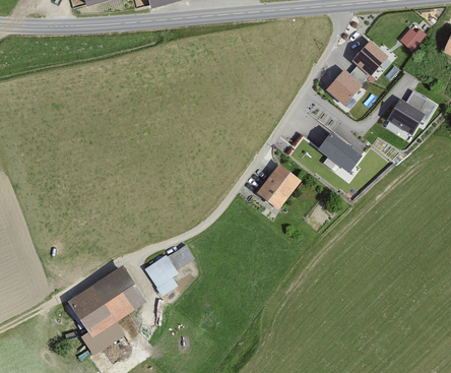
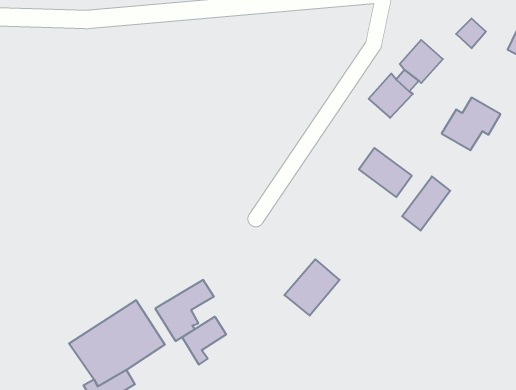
building: none -> [402,176,450,231]
building: [256,161,303,208] -> [284,259,340,316]
building: none -> [182,317,226,365]

